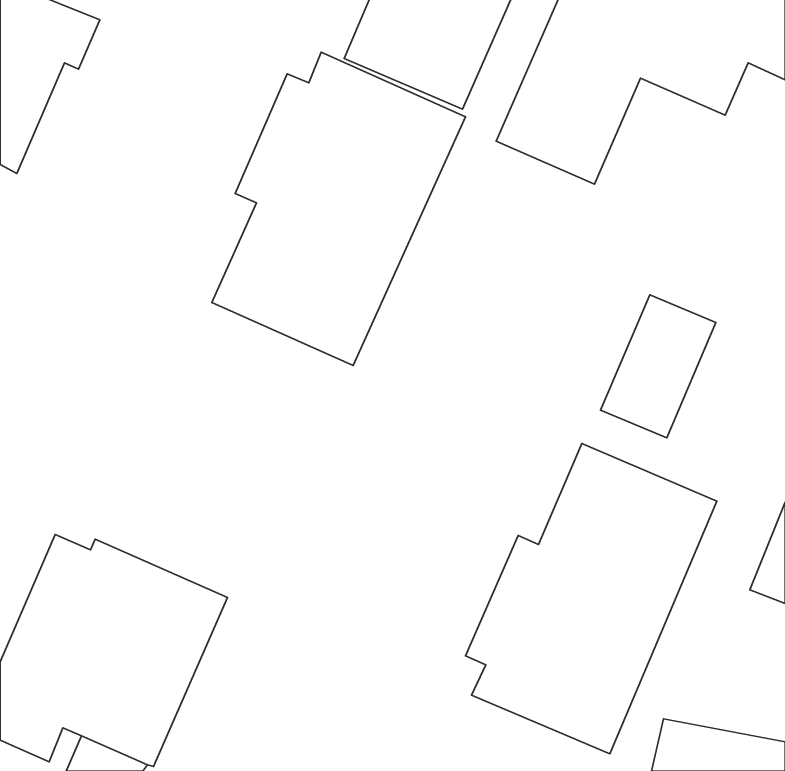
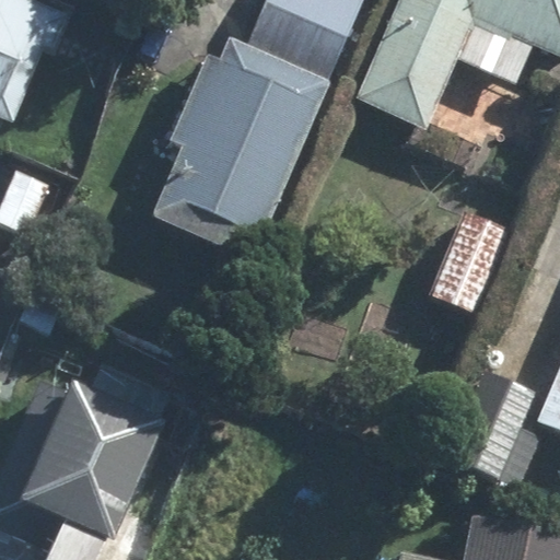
building: [466,443,717,754] -> none

